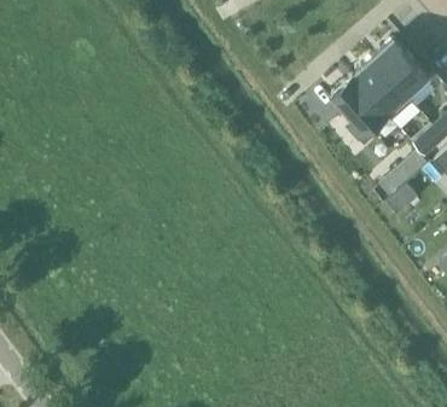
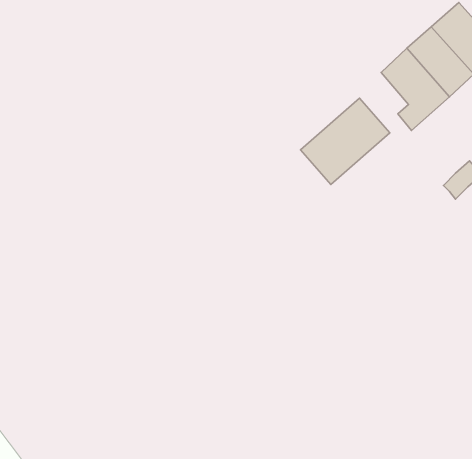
building: none -> [300,98,390,184]

